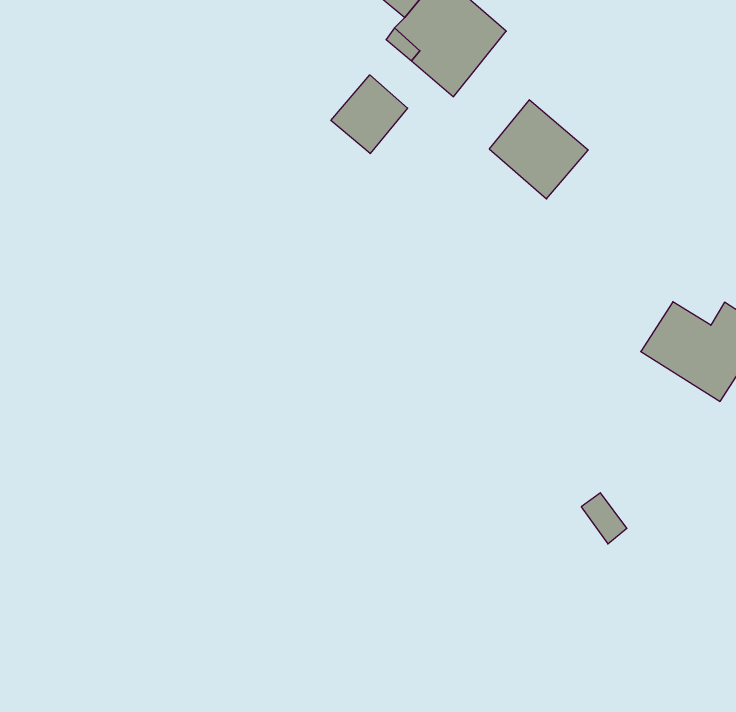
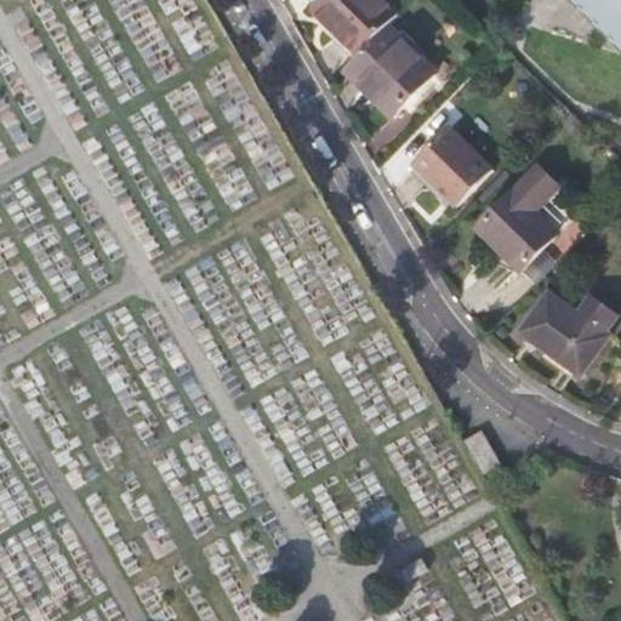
building: [331,75,408,154] -> none
building: none -> [477,164,559,268]

